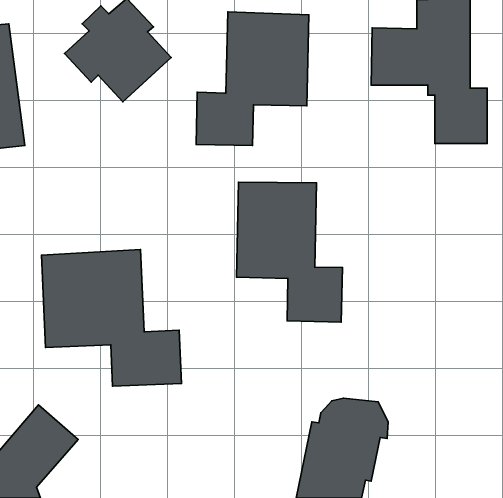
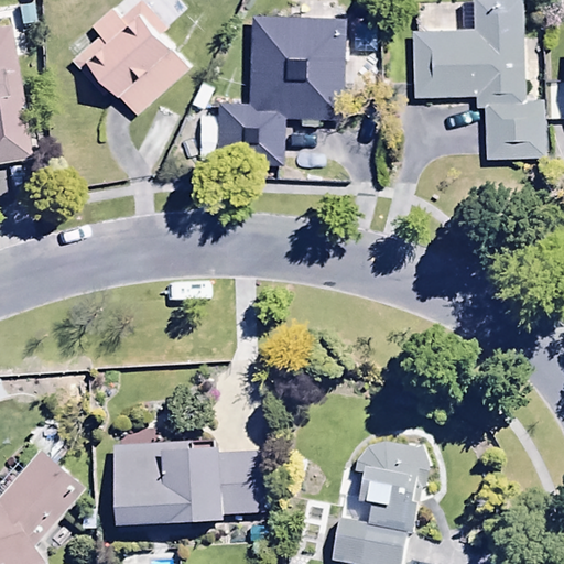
building: [237,182,342,322] -> none
building: [42,250,181,386] -> none
building: none -> [115,440,261,532]

